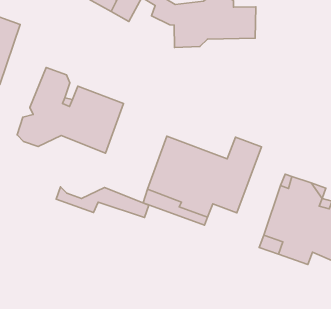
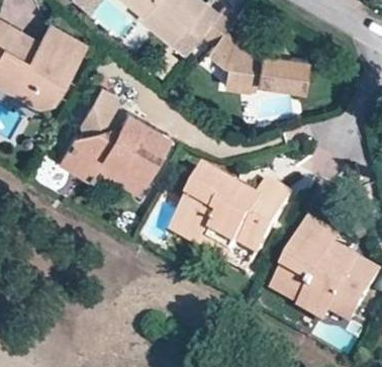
building: [56,187,149,217] -> [58,148,145,189]

